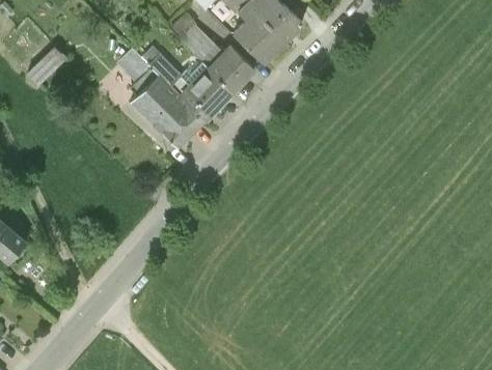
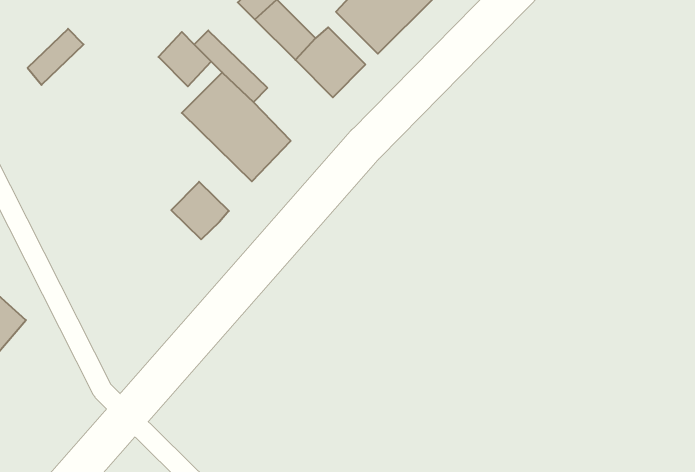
building: [181,67,234,121] -> none
building: none -> [171,182,229,239]

